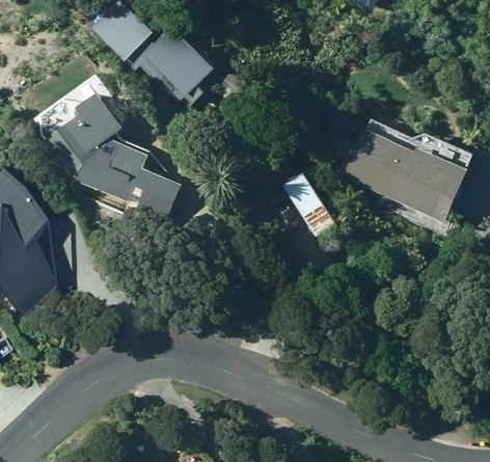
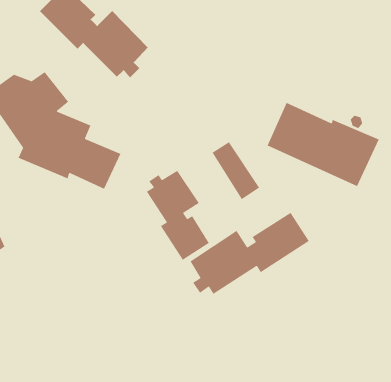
building: none -> [146,170,210,261]
building: none -> [190,212,310,295]

